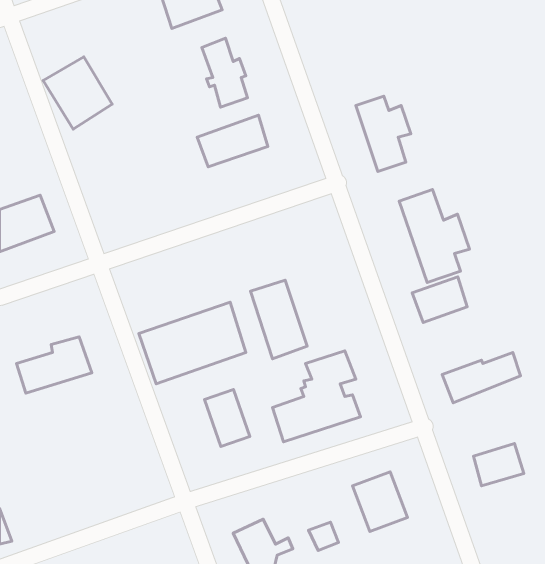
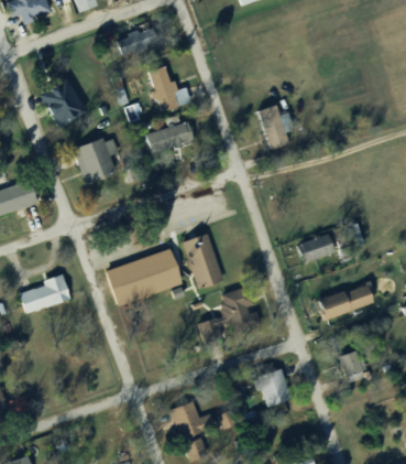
building: none -> [72,134,118,183]
building: [399,190,470,283] -> none
building: [205,389,250,447] -> none

